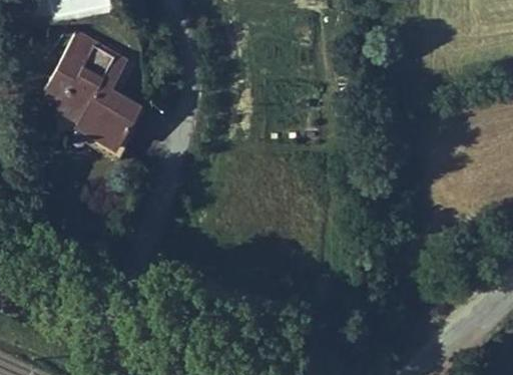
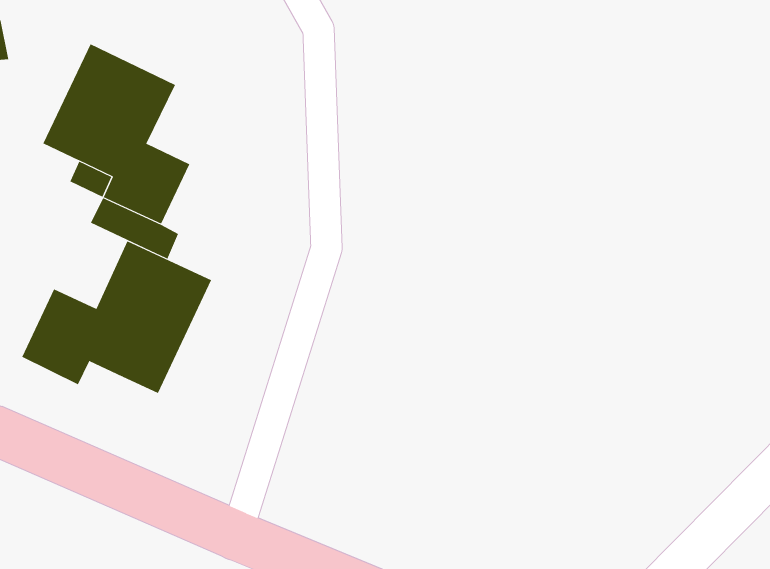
building: none -> [21,241,212,394]

